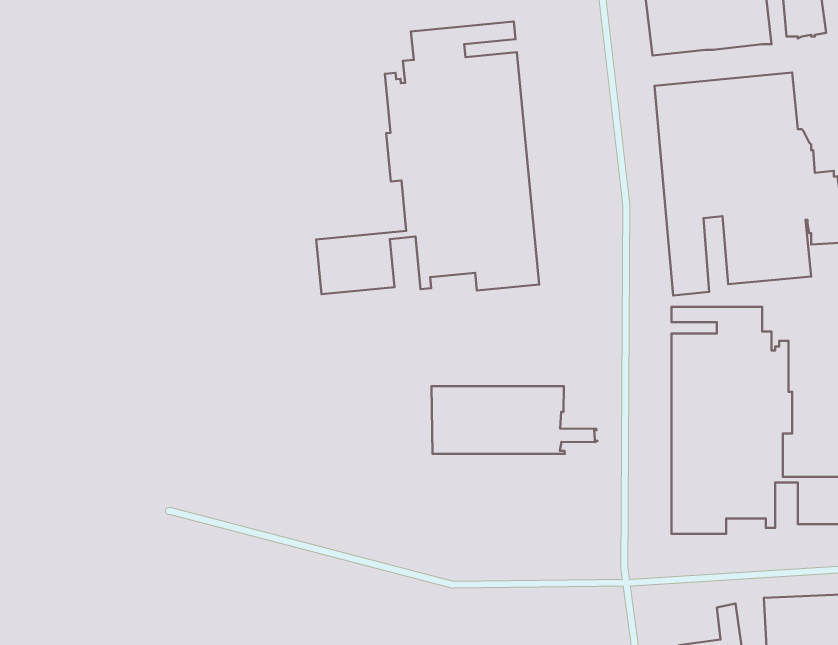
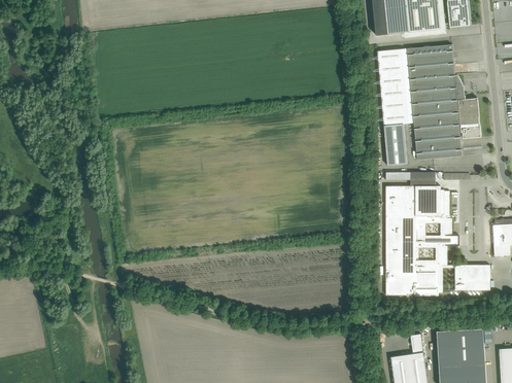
building: [316,22,539,294] -> none
building: [431,386,597,454] -> none

